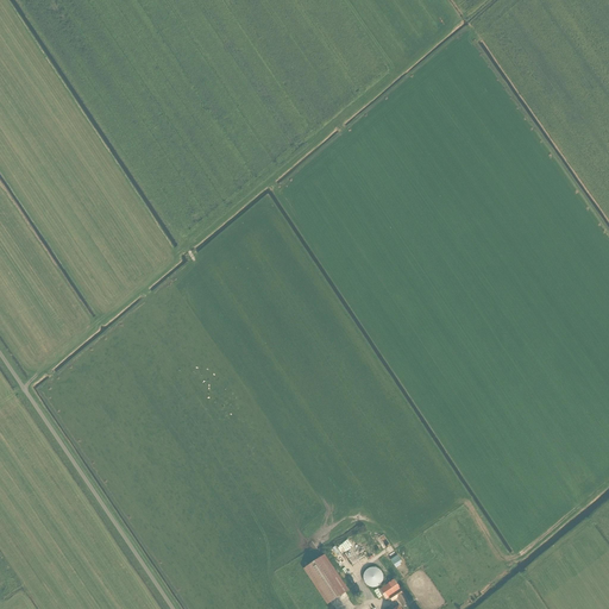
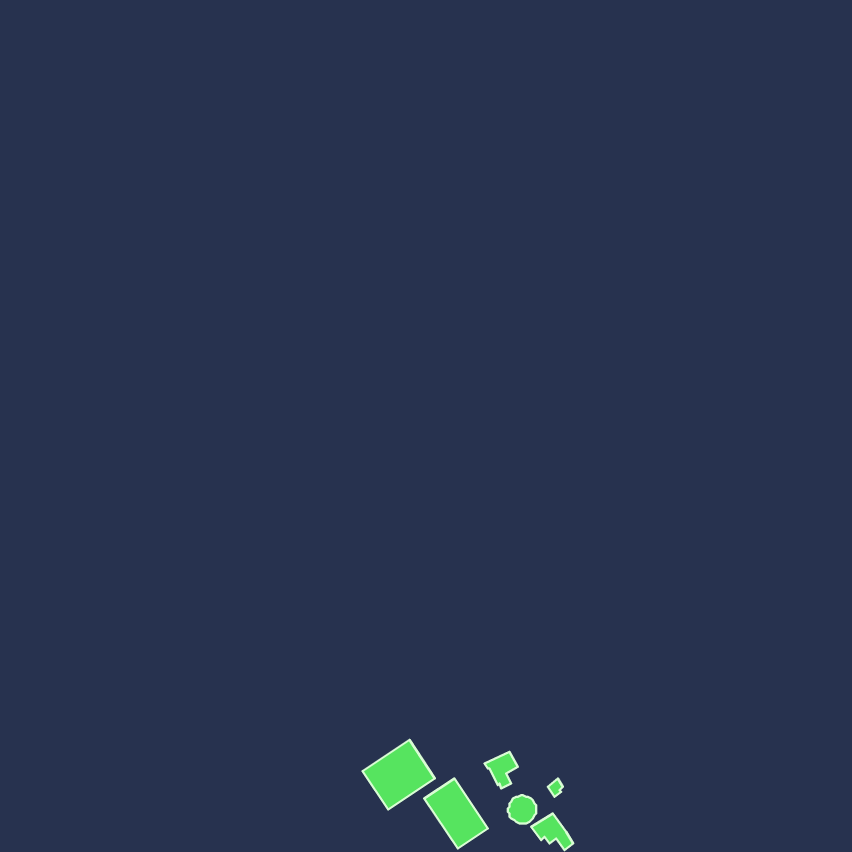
building: none -> [363,740,435,810]

